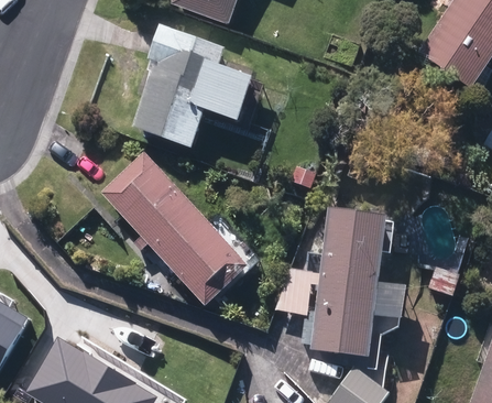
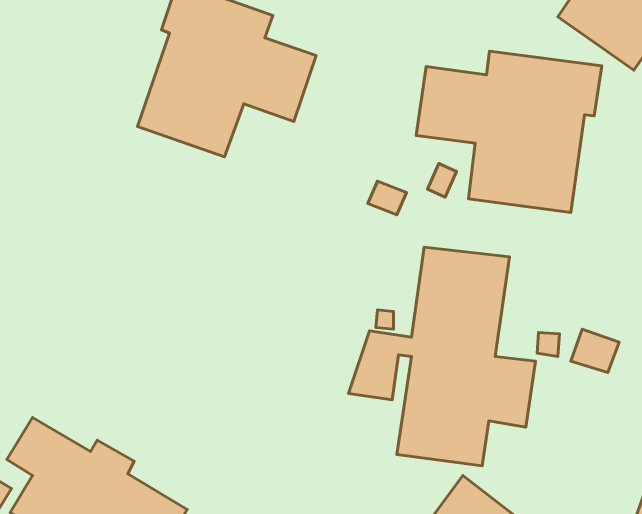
building: none -> [416,51,602,212]
building: [101,154,249,306] -> none

